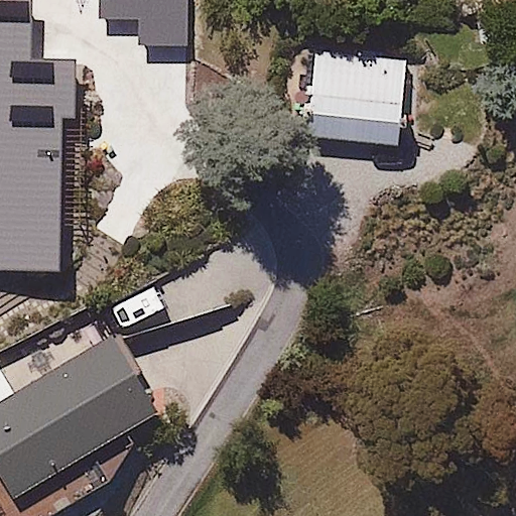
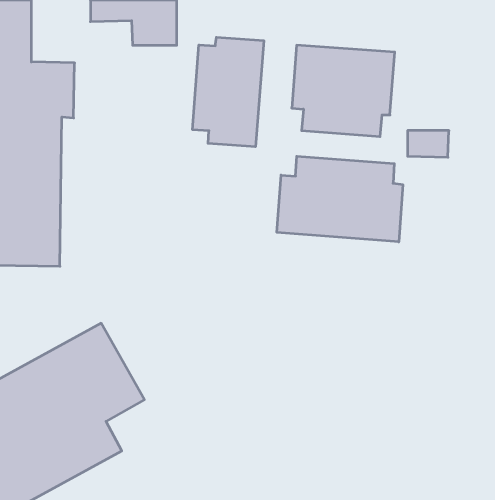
building: none -> [193,37,264,147]
building: none -> [277,156,403,242]

